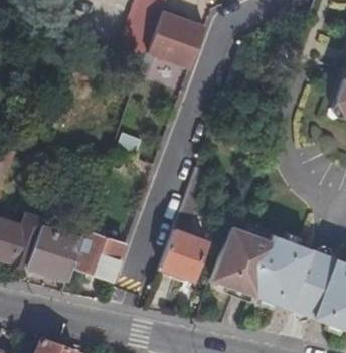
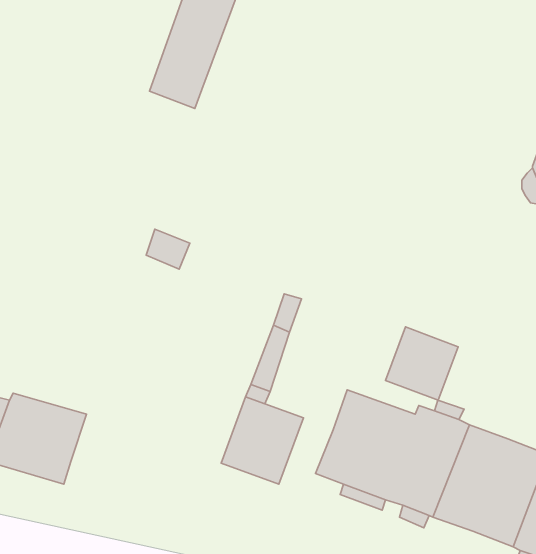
building: [147,6,205,68] -> none
building: none -> [385,327,458,400]
building: [71,232,124,280] -> none

